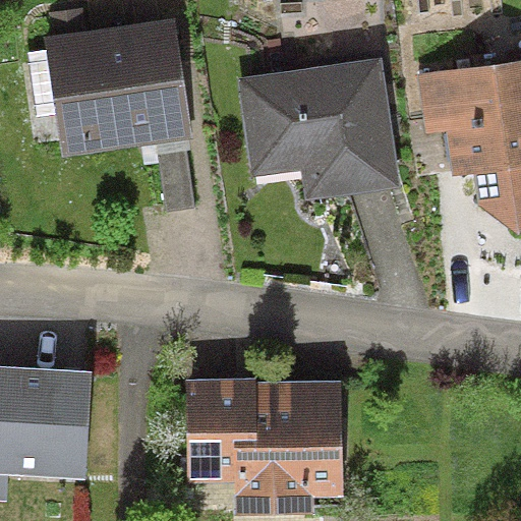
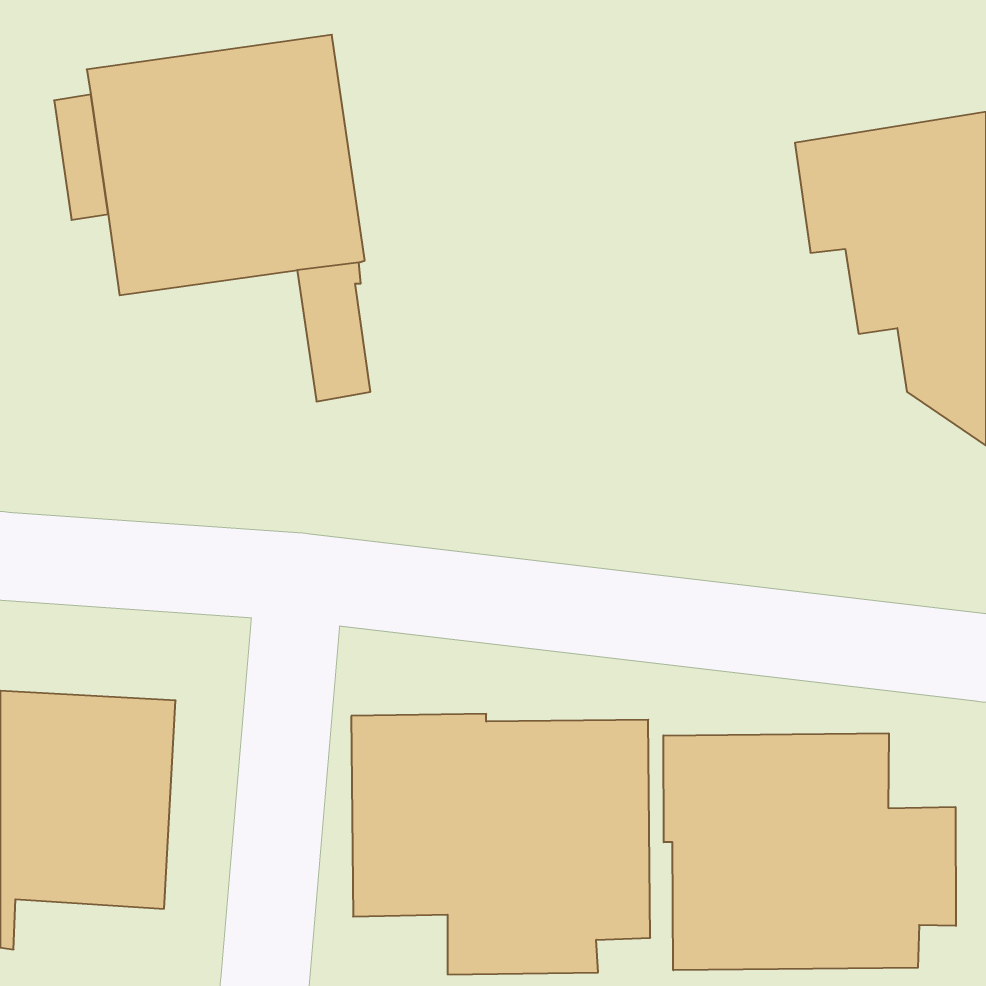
building: [238,57,401,200] -> none
building: none -> [663,733,956,970]

